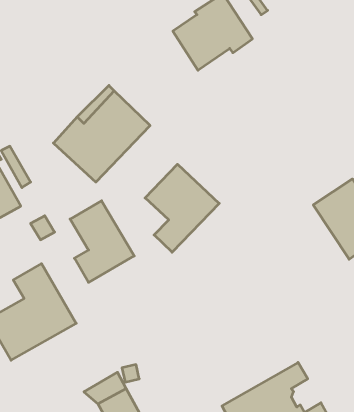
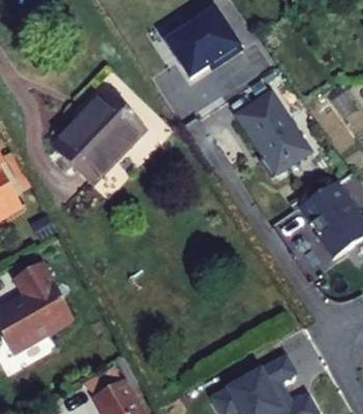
building: none -> [235,89,310,177]
building: [145,164,219,252] -> none
building: [70,201,134,282] -> none

